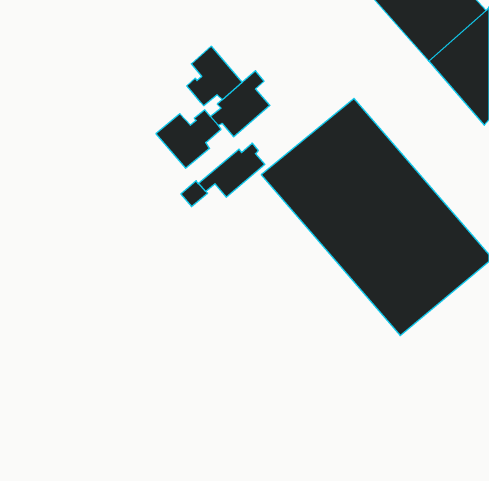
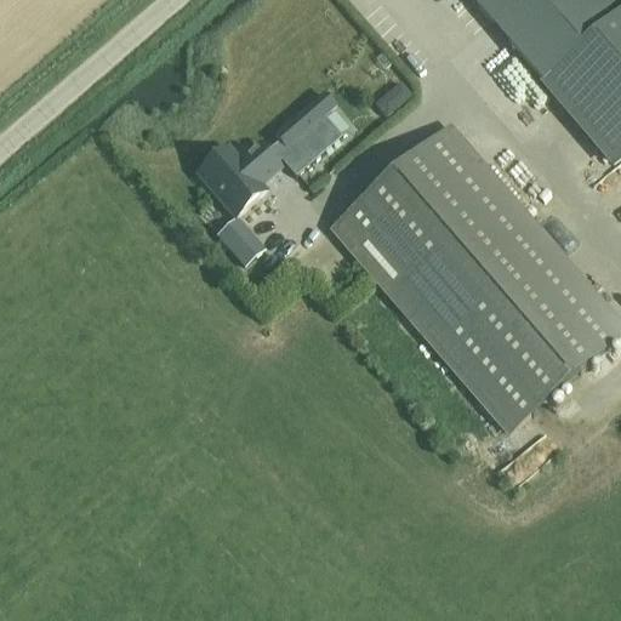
building: [187,46,242,106] -> none
building: [198,143,265,197] -> none

